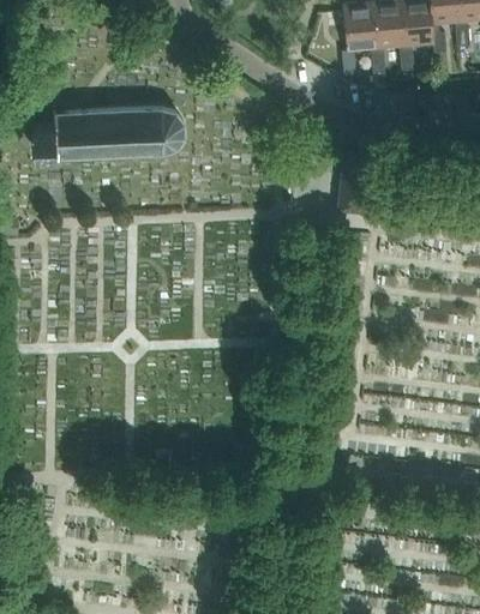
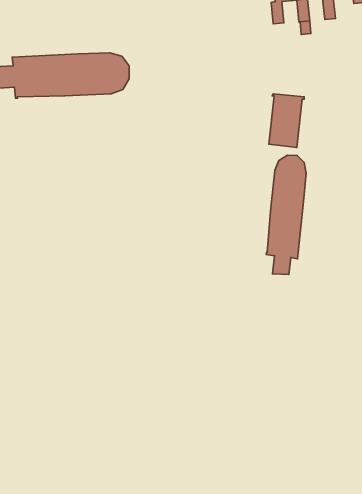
building: none -> [266,155,306,275]

